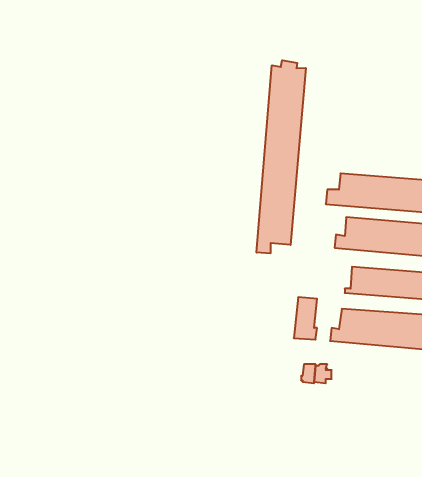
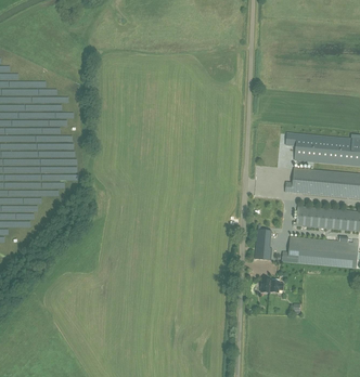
building: [257,60,306,253] -> none

